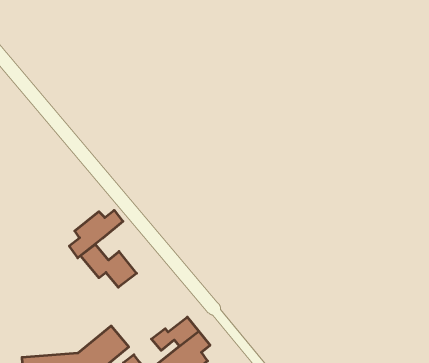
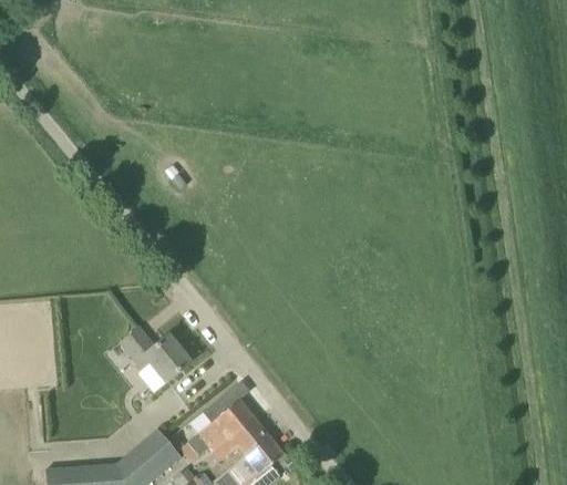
building: [69,210,123,258] -> none
building: none -> [182,399,255,462]

